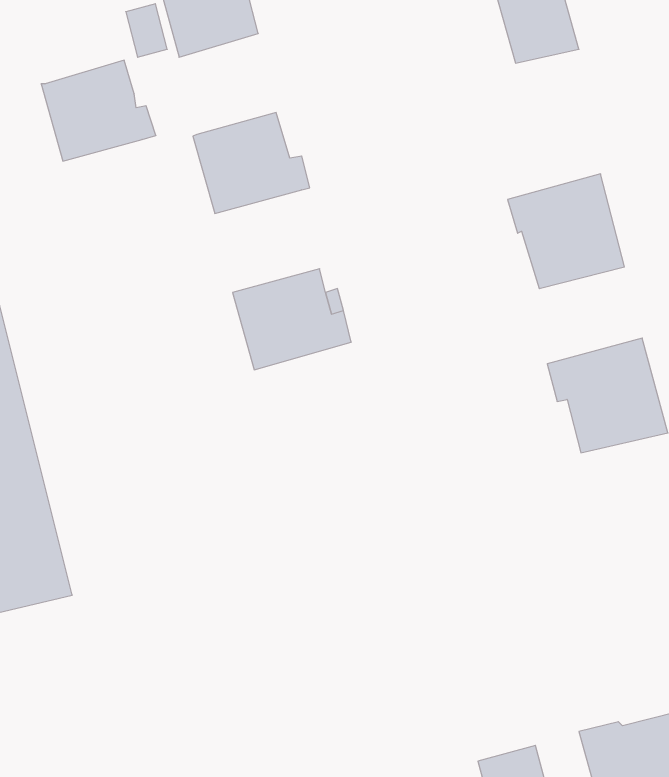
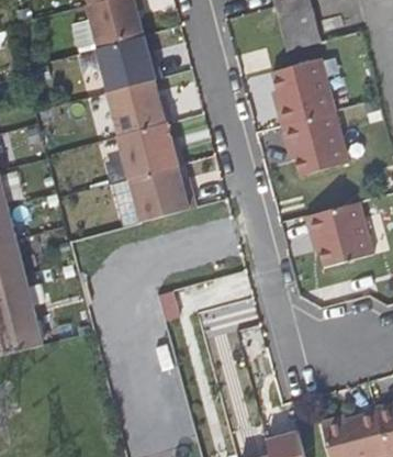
building: [41,60,156,161] -> [98,34,161,90]
building: none -> [272,59,334,126]
building: none -> [117,121,184,178]

